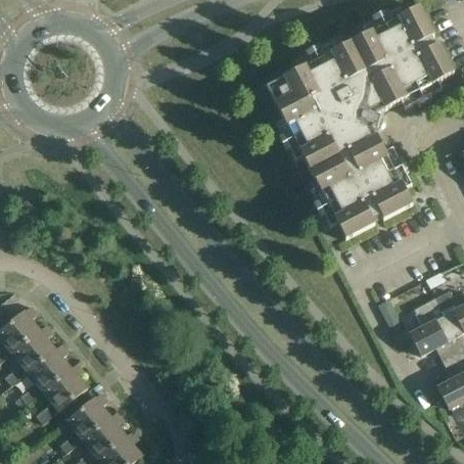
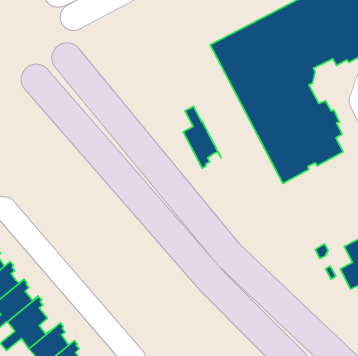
building: none -> [183,107,221,168]

